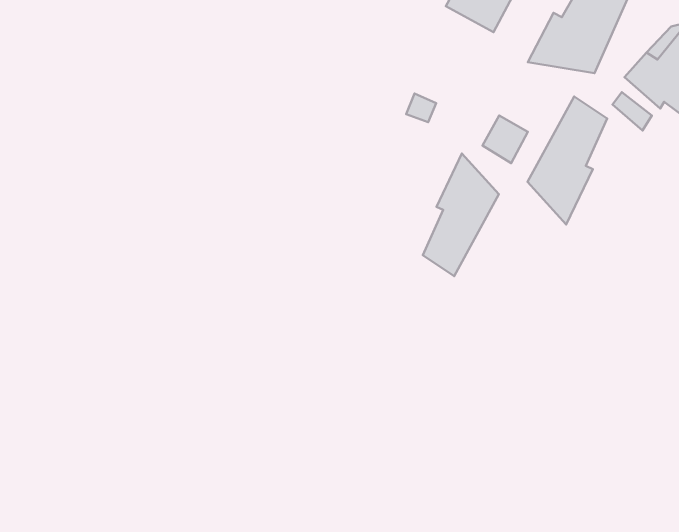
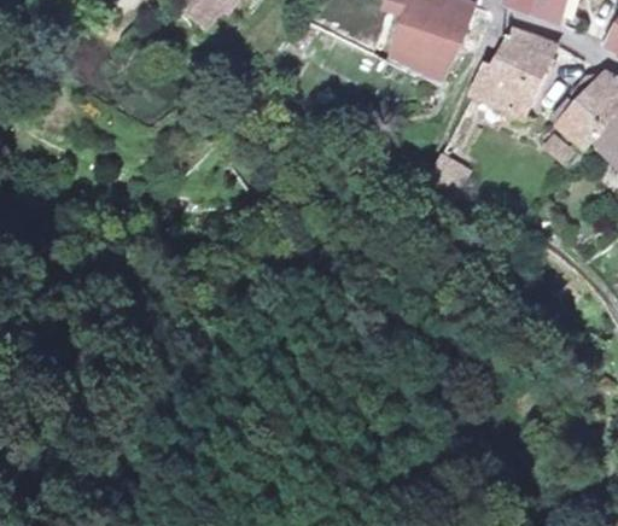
building: [527,96,607,225] -> none
building: [423,154,499,276] -> none

